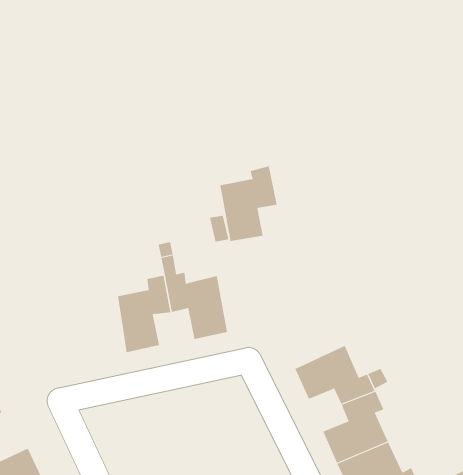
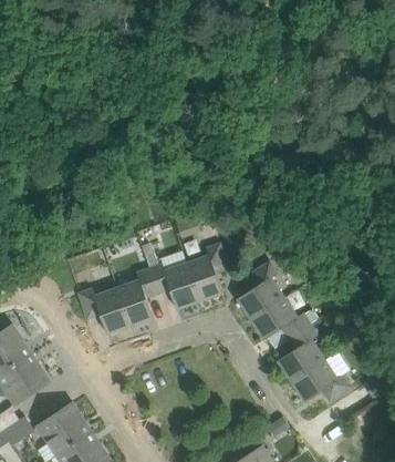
building: [219,166,278,242] -> [186,243,229,300]
building: none -> [77,287,129,333]
building: none -> [237,263,283,319]

